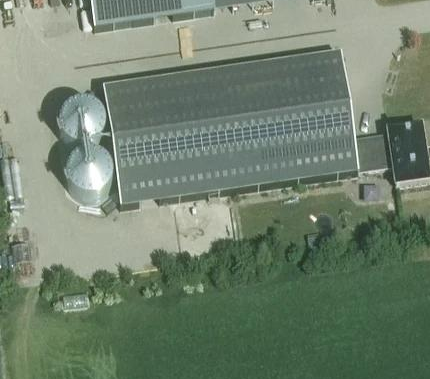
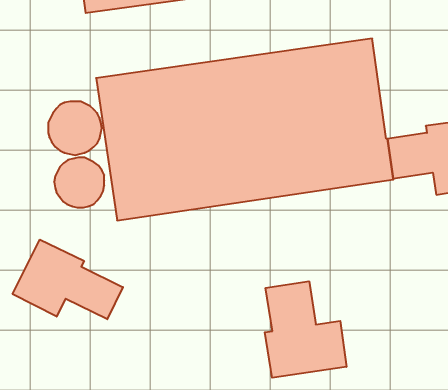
building: none -> [13,240,123,319]
building: none -> [265,281,346,378]

